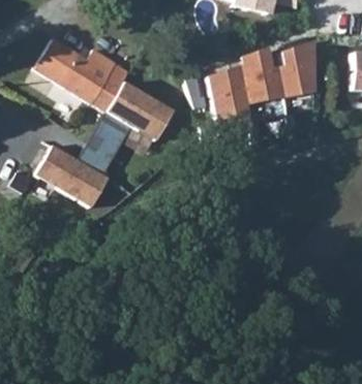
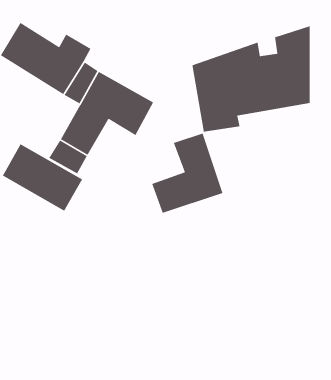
building: none -> [151,133,224,214]

